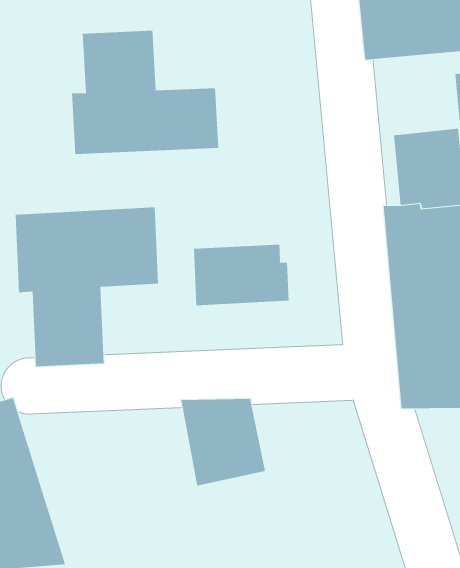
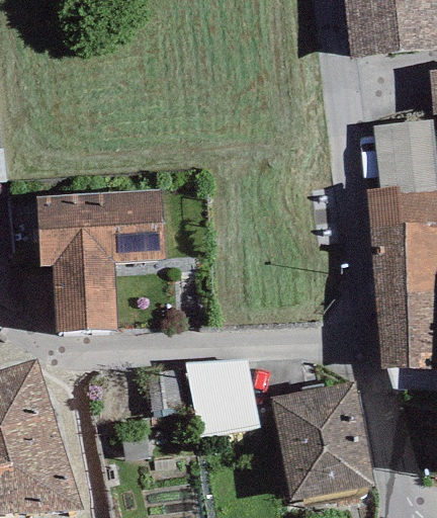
building: [71,30,219,155] -> none
building: [194,244,289,306] -> none
building: none -> [270,380,375,501]

